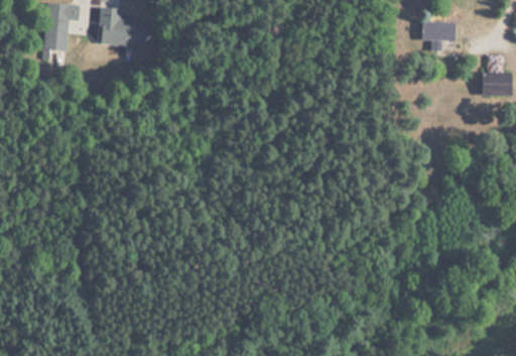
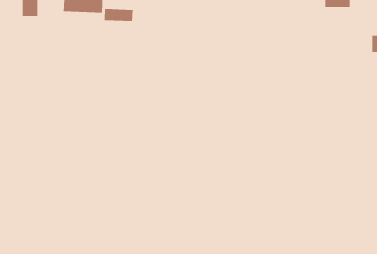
building: none -> [104,8,133,22]

